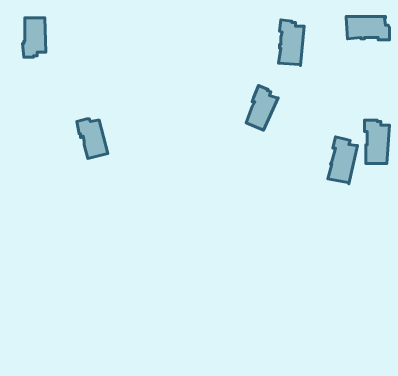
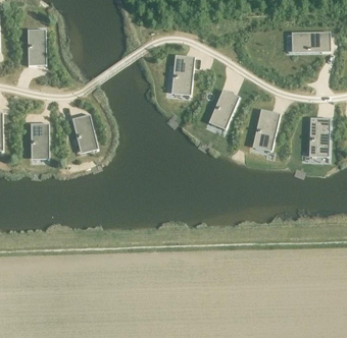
building: [278,20,304,66] -> [172,55,194,93]
building: none -> [30,124,49,156]
building: [328,137,358,184] -> [254,110,279,149]

